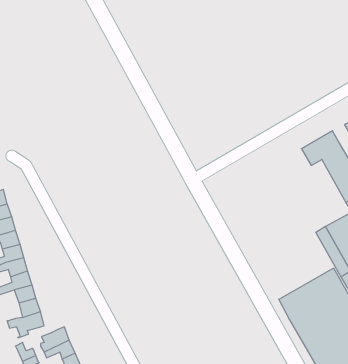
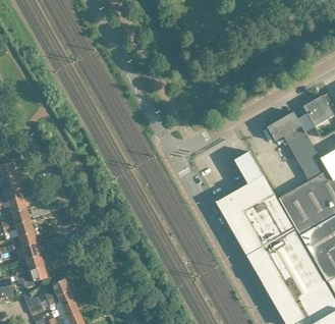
building: none -> [217,152,294,256]

